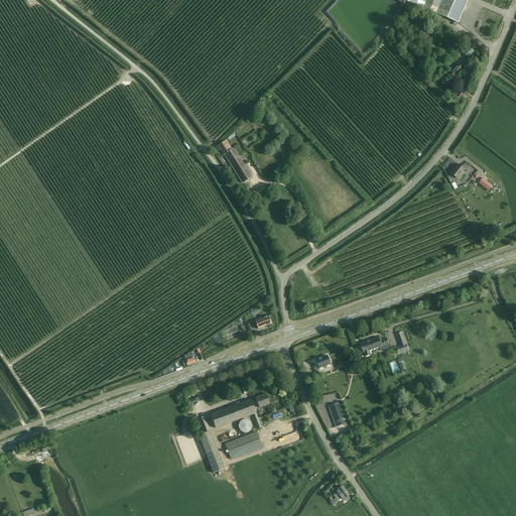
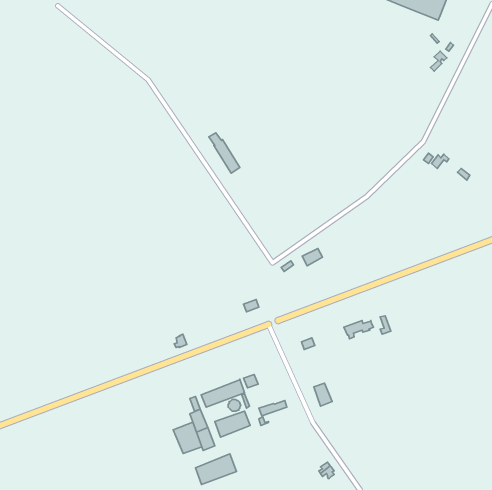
building: none -> [173,422,202,454]
building: none -> [195,454,236,485]

